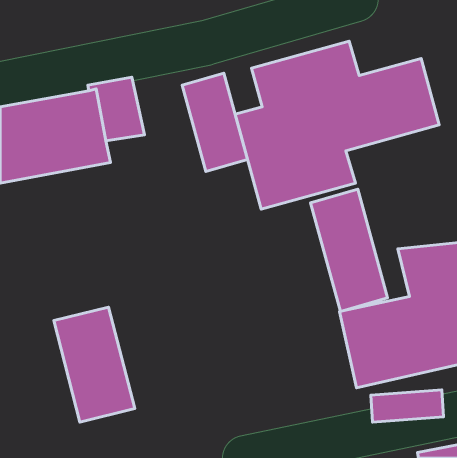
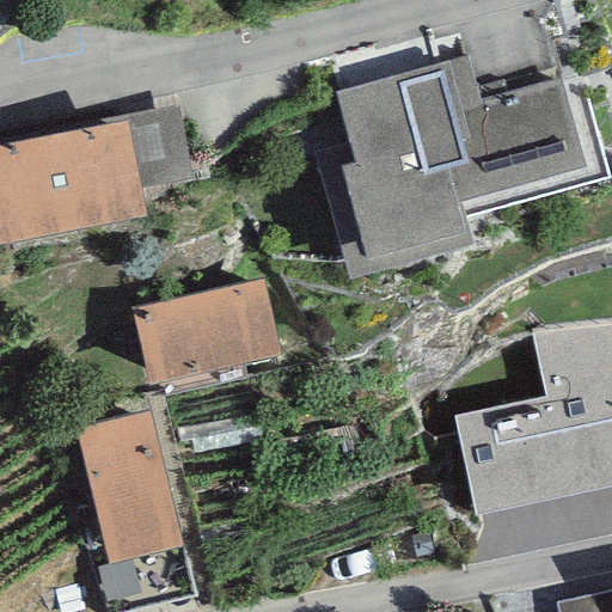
building: [182,73,248,171] -> none
building: [311,189,388,311] -> none
building: none -> [133,277,280,384]

